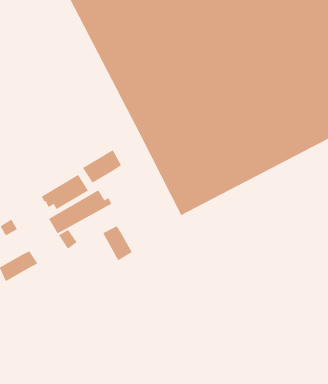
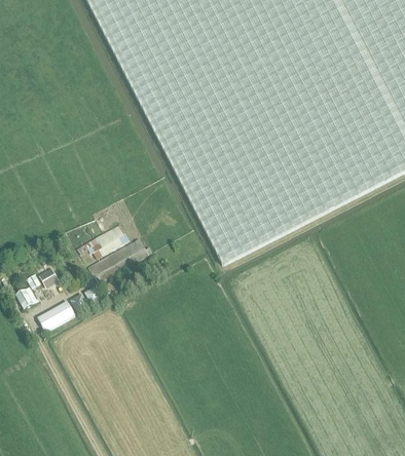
building: [82,149,122,184] -> none
building: [103,225,132,261] -> none

